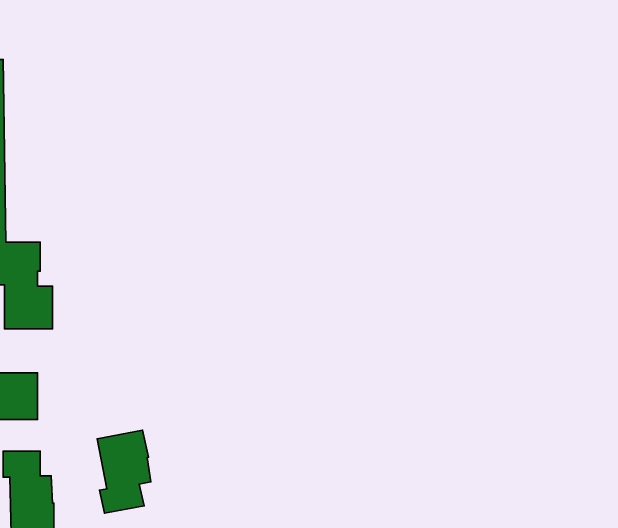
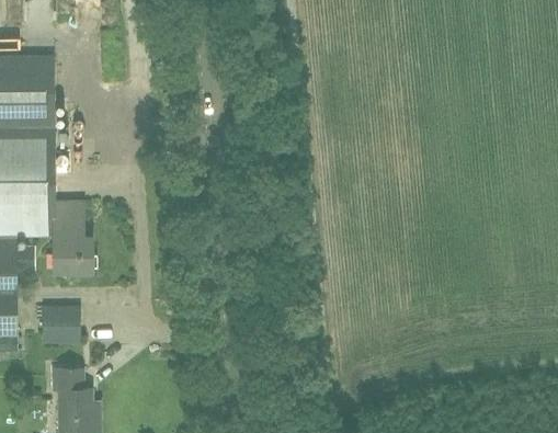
building: [97,430,151,513] -> none

